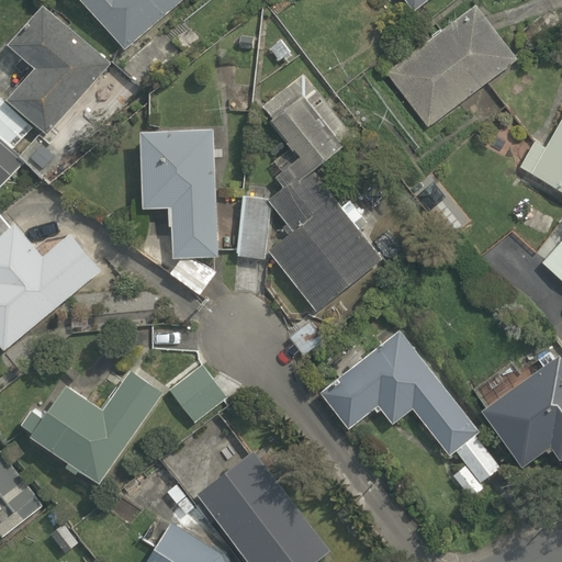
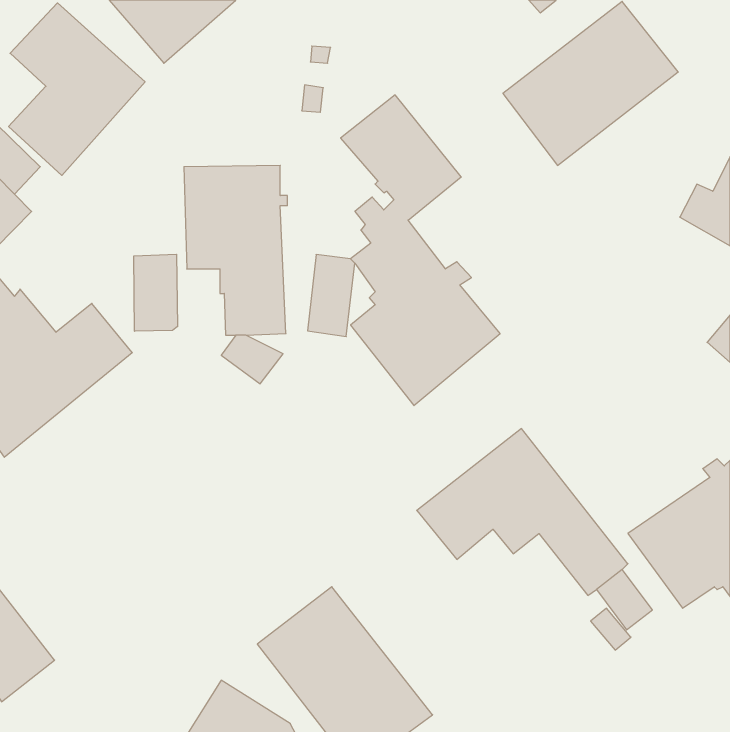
building: none -> [134,254,178,331]
building: [168,366,227,424] -> none
building: [21,370,161,483] -> none

